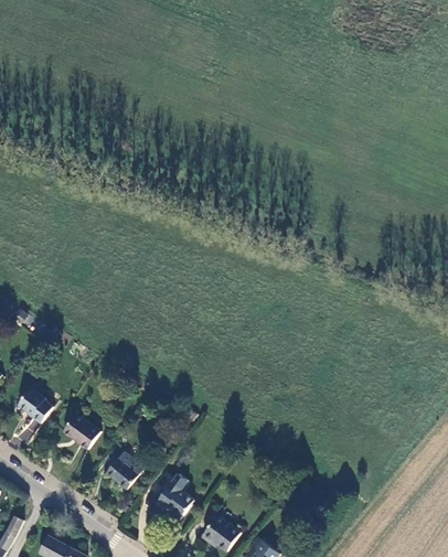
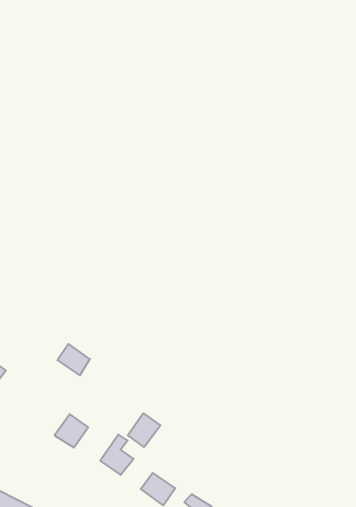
building: [64,415,99,449] -> [57,344,90,375]
building: none -> [128,413,161,447]

